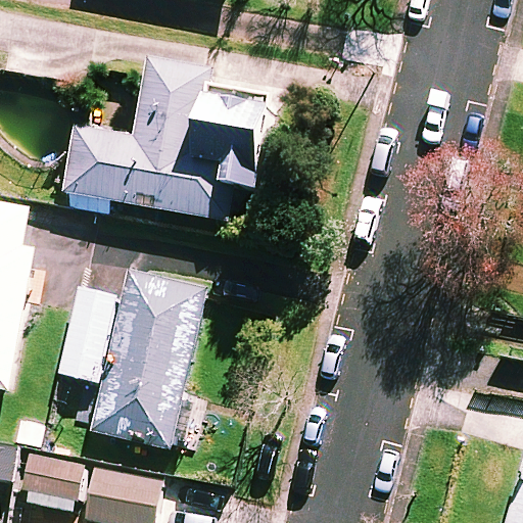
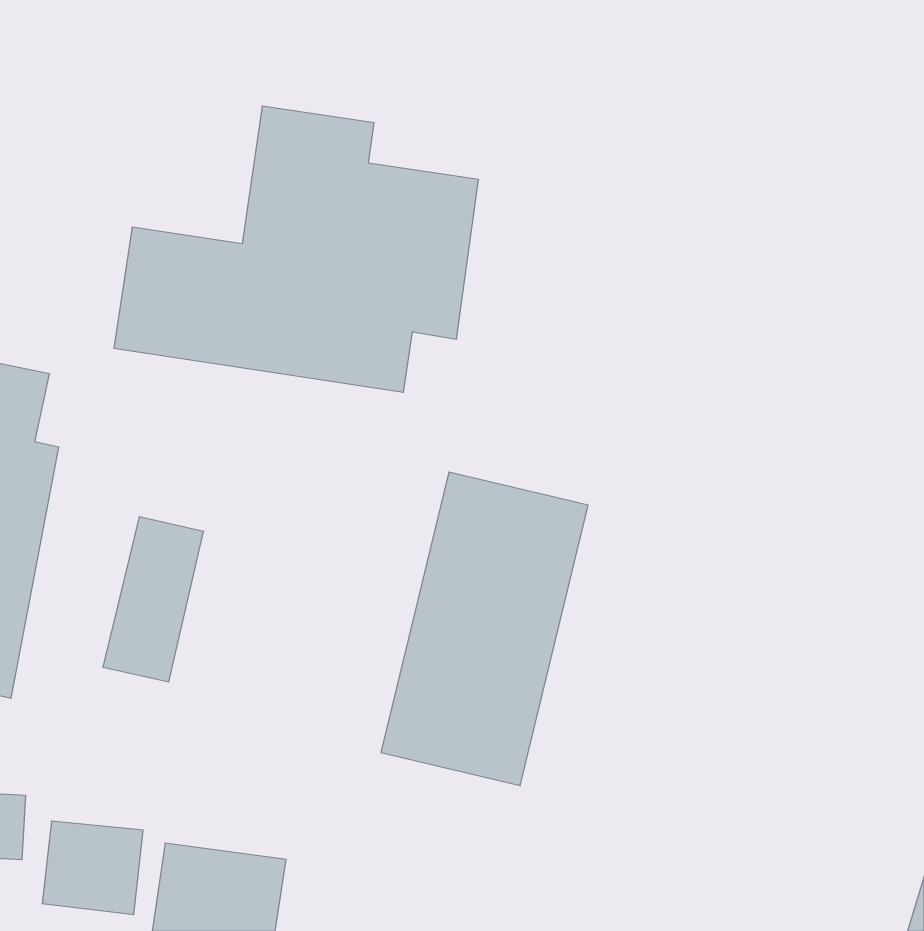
building: [92,274,207,448] -> [381,472,588,785]

